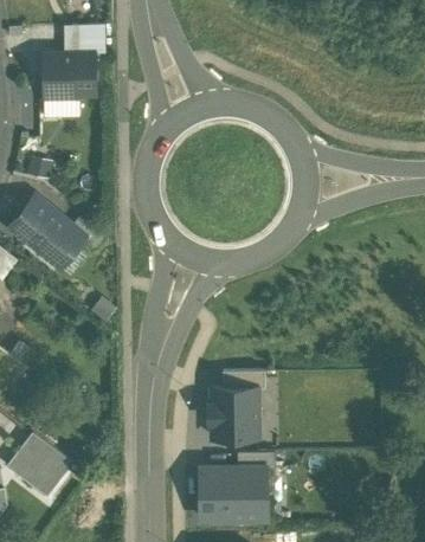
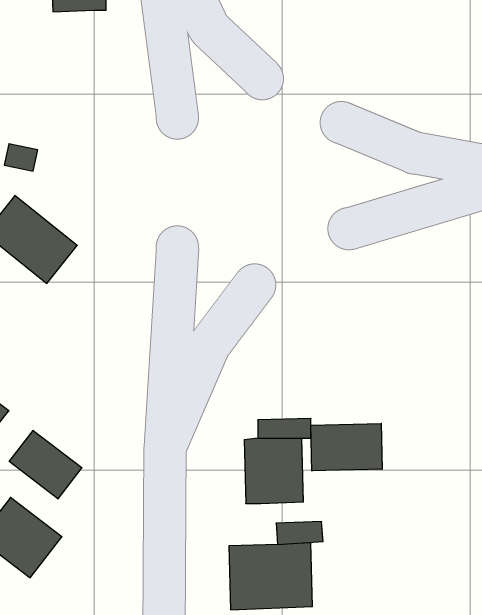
building: [43,54,96,101] -> none
building: none -> [311,423,382,471]
building: none -> [9,430,82,499]

